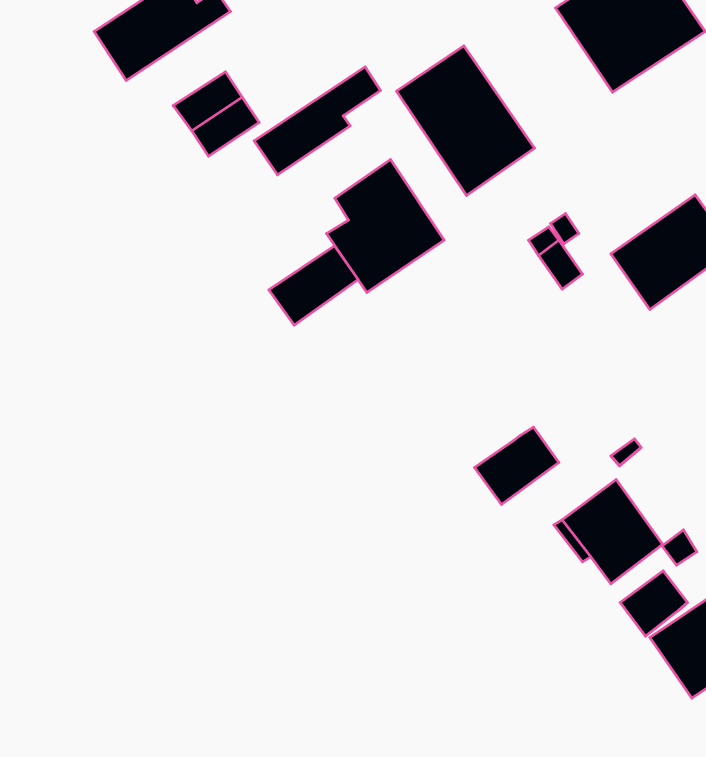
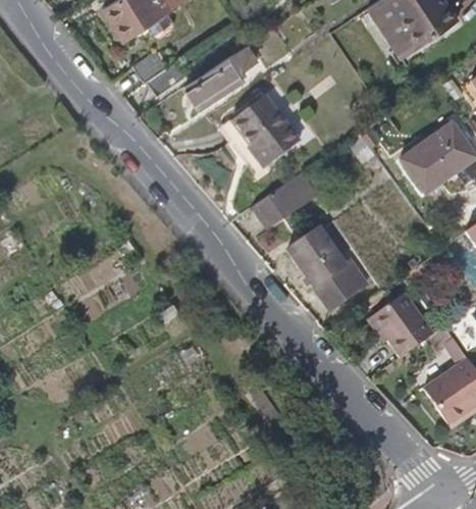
building: [396,46,534,195] -> none
building: [269,246,358,325] -> [256,181,310,228]
building: none -> [288,228,346,288]
building: [620,571,687,636] -> none

